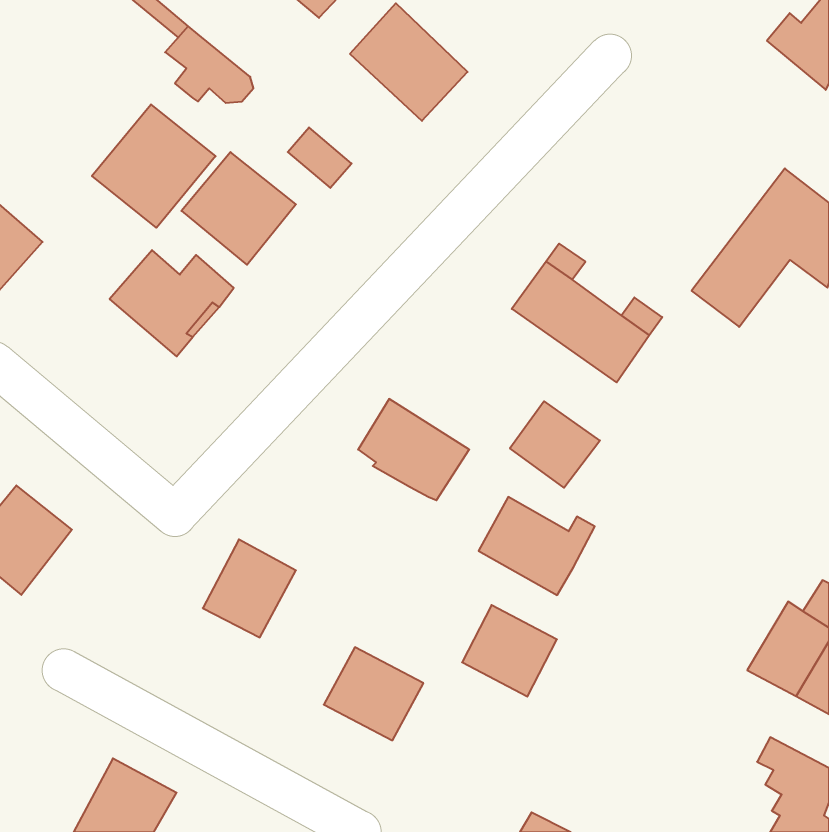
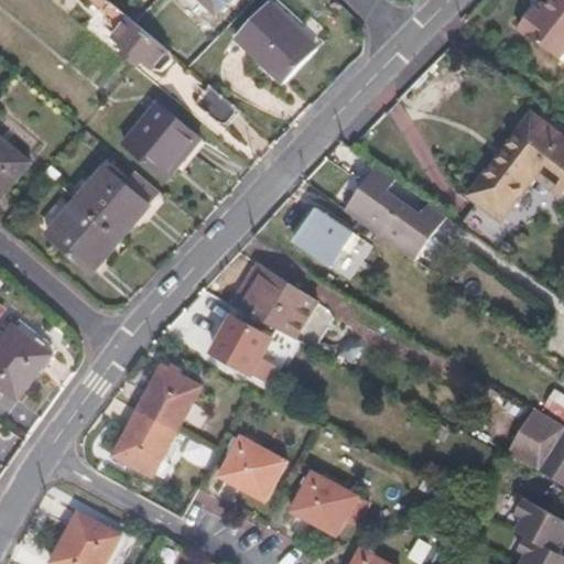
building: [92,104,216,228] -> none
building: none -> [45,202,119,269]
building: [510,401,600,488] -> [293,208,354,267]
building: [479,497,595,595] -> [210,315,289,381]
building: [462,605,557,697] -> [291,471,355,533]
building: none -> [112,410,175,475]

